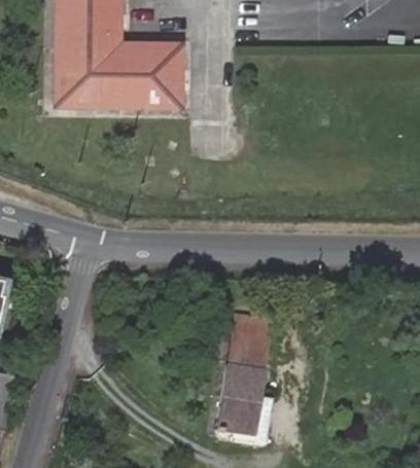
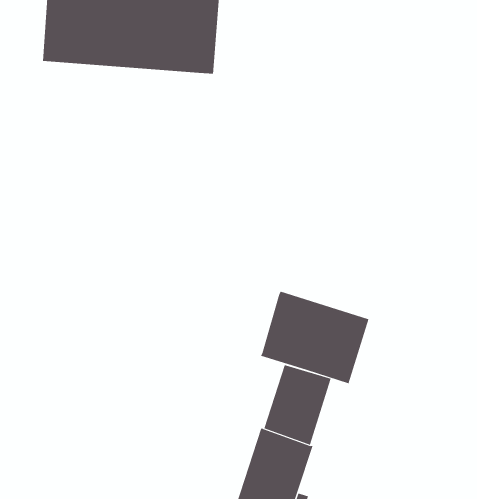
building: none -> [260,291,369,384]

